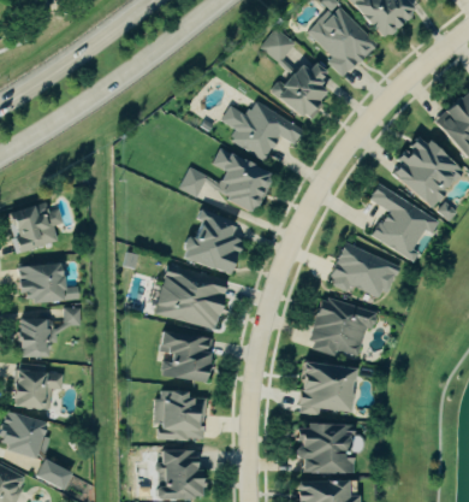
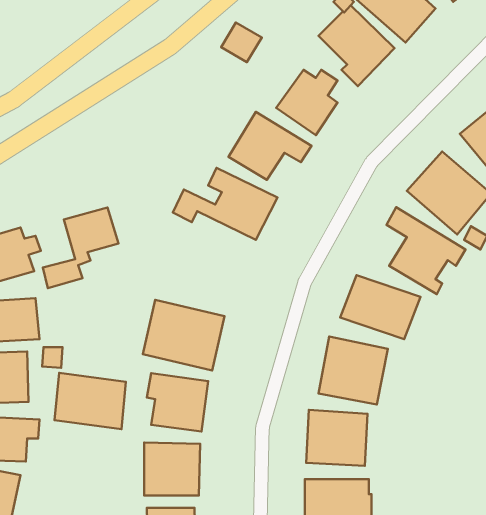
building: [262,28,298,63] -> [221,23,262,62]
building: none -> [43,208,118,288]
building: [183,209,243,274] -> none
building: none -> [55,373,126,429]

